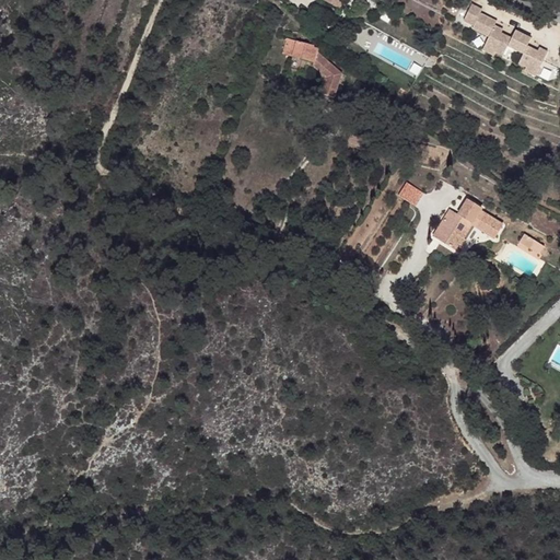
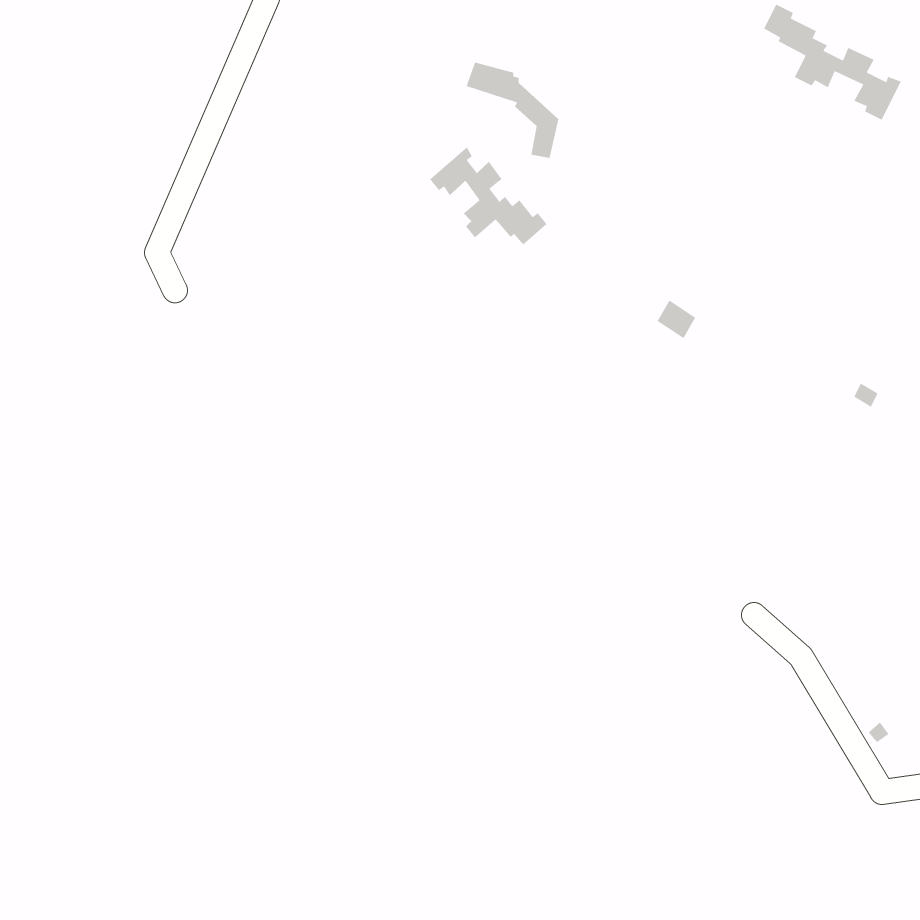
building: none -> [429,146,547,245]
building: [433,199,502,252] -> none

